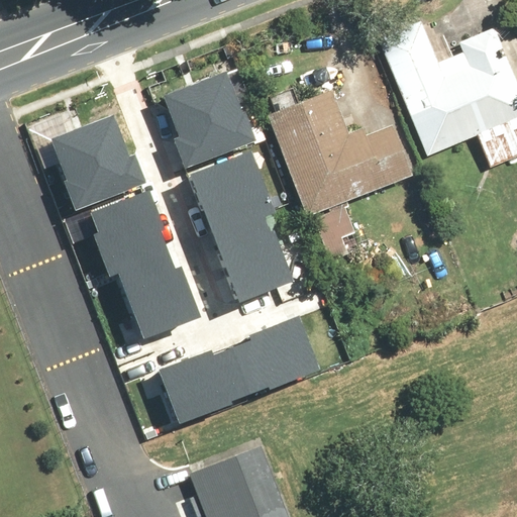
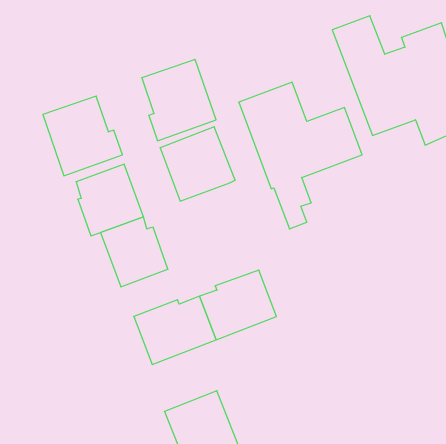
building: [209,214,290,300] -> none

